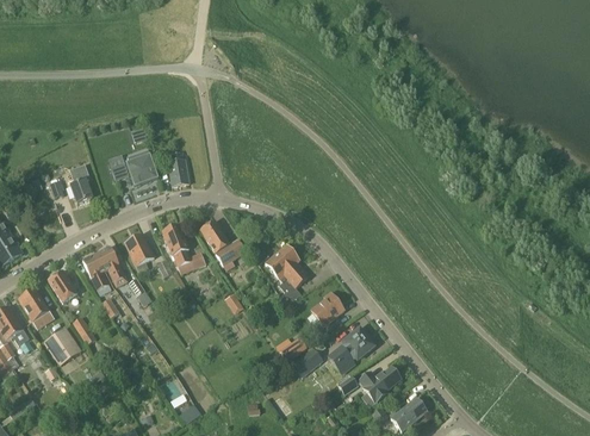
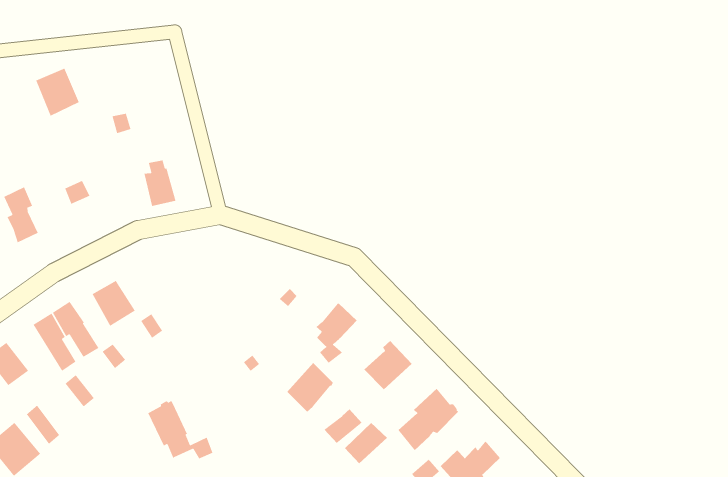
building: [128,148,157,181] -> [35,68,80,117]
building: [200,219,246,264] -> none
building: [161,224,205,267] -> [147,400,214,460]
building: [266,243,299,278] -> [287,362,334,412]

